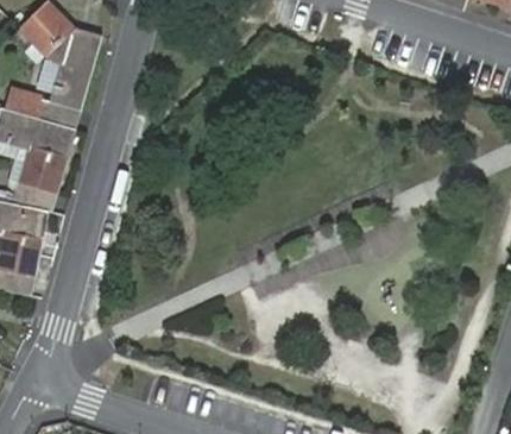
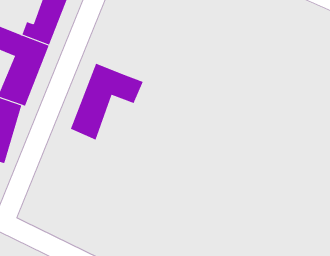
building: none -> [70,63,143,141]

